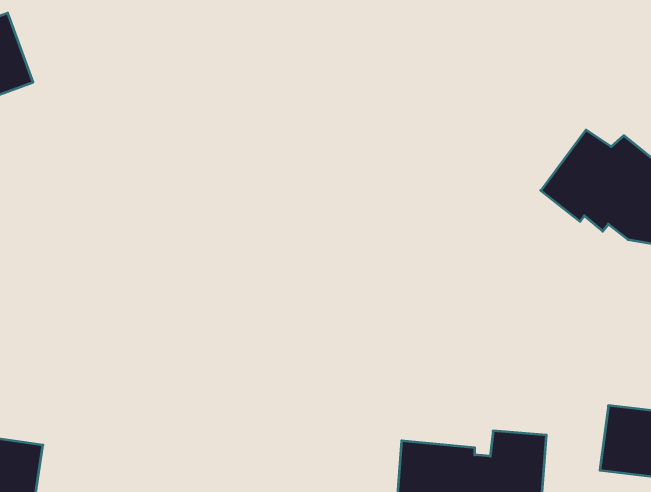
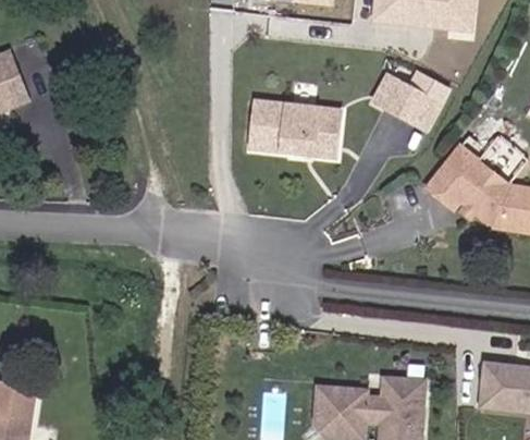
building: none -> [372,60,444,133]
building: none -> [250,103,343,159]

